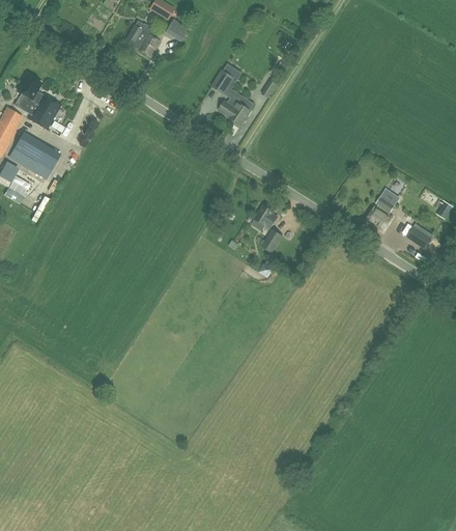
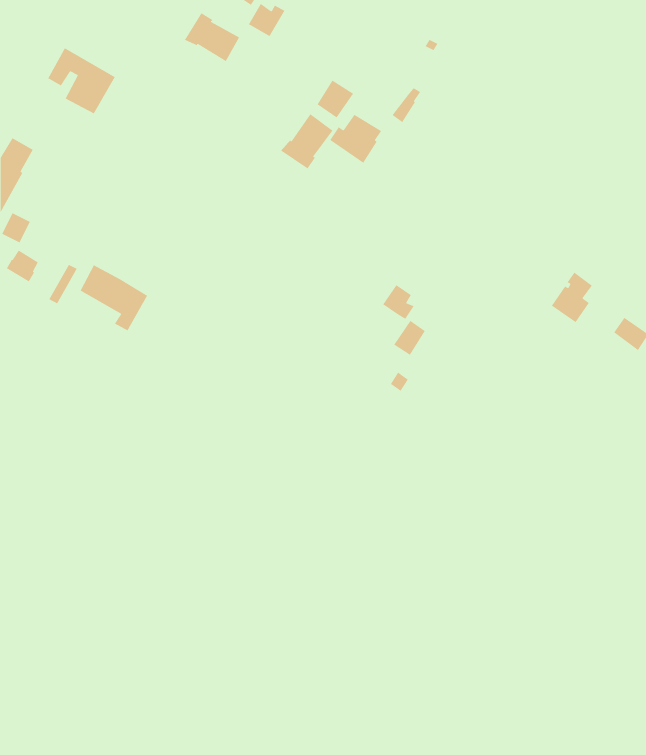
building: [16,84,61,129] -> [47,47,116,114]
building: none -> [280,113,334,170]
building: [13,133,59,177] -> [80,264,148,332]

